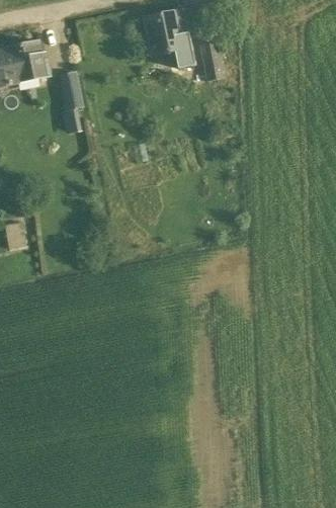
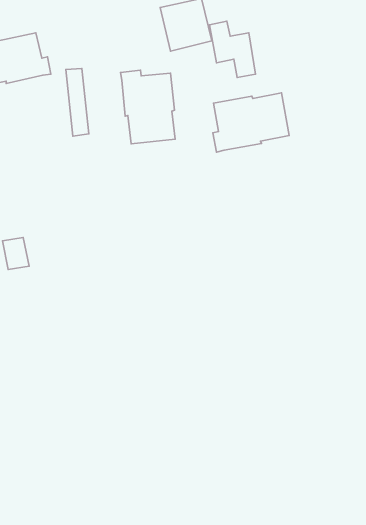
building: none -> [120,70,175,144]
building: none -> [213,93,289,152]

